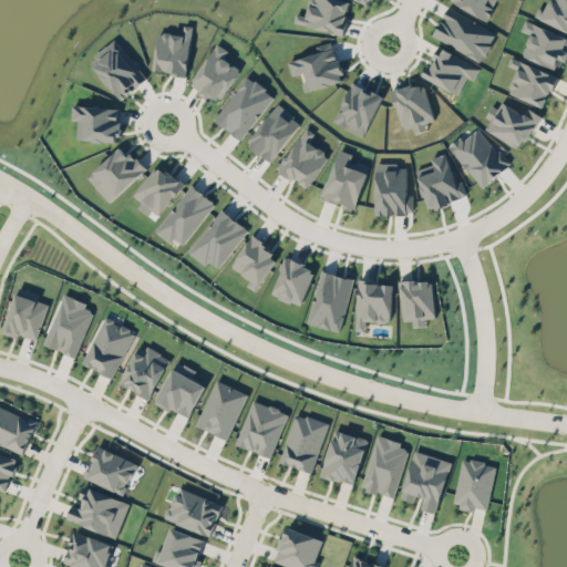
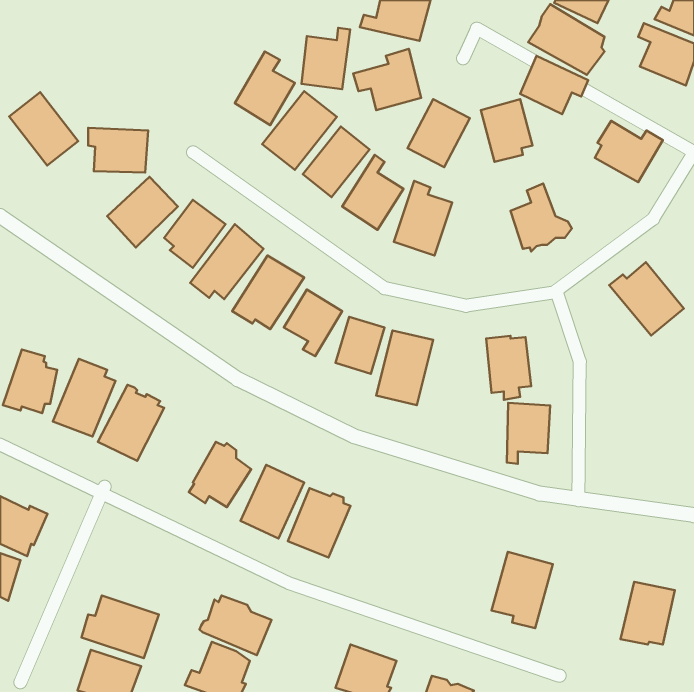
building: [154,27,194,76] -> [301,28,350,89]
building: [90,40,146,100] -> [9,92,78,166]
building: [507,60,557,107] -> none
building: [449,128,509,188] -> [609,262,684,336]
building: [373,163,411,214] -> none
building: [357,282,392,332] -> [507,403,550,464]
building: [120,346,169,399] -> none
building: [281,414,326,473] -> none
building: [320,429,367,482] -> none
building: [362,437,409,498] -> none
building: [84,447,137,496] -> none
building: [452,460,496,511] -> [621,582,675,645]

